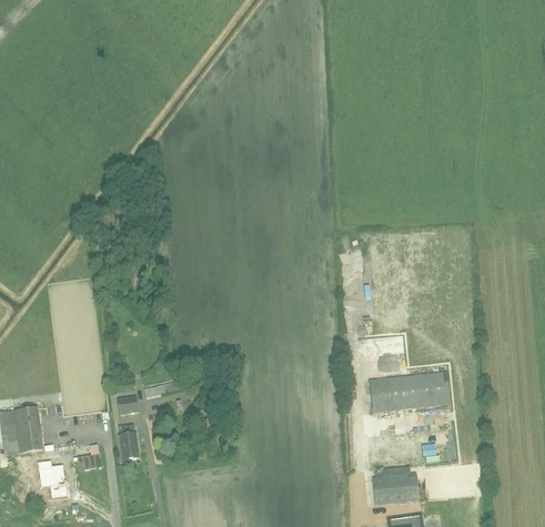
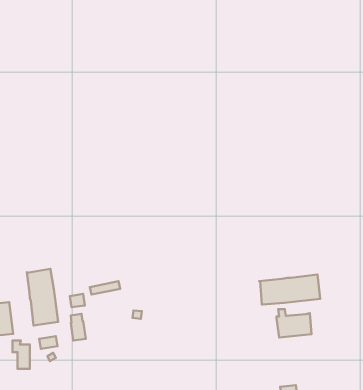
building: none -> [27,269,58,325]
building: [371,466,417,504] -> [277,309,312,337]

